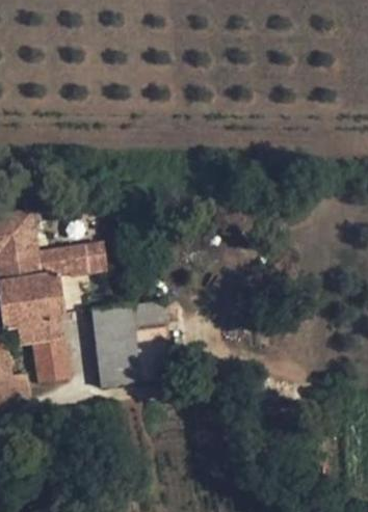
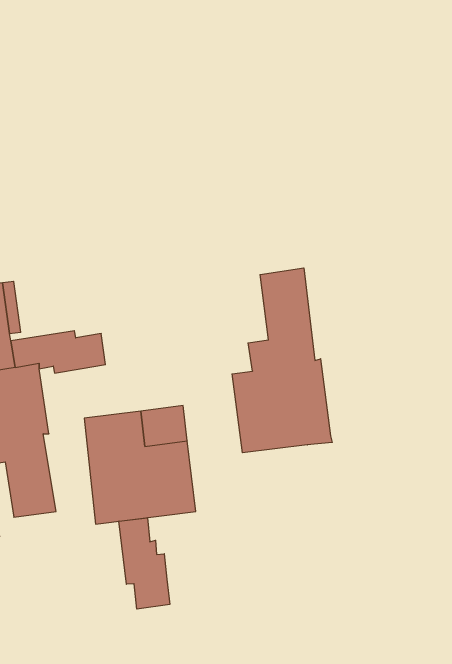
building: none -> [232,268,332,453]
building: none -> [119,518,170,609]

